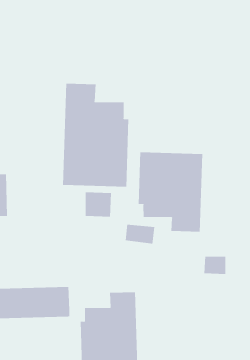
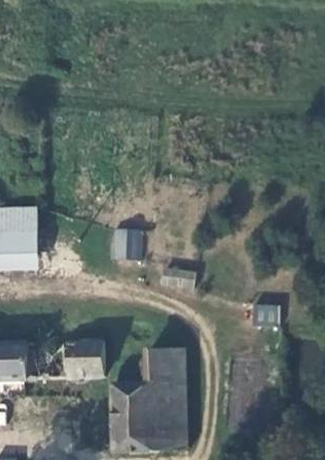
building: [63,83,129,188] -> none
building: [138,152,203,233] -> none

